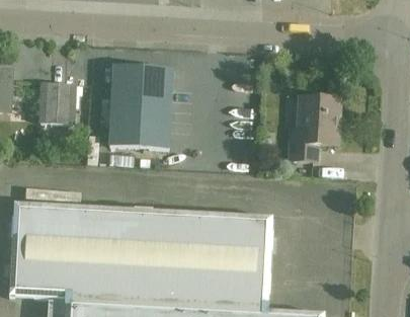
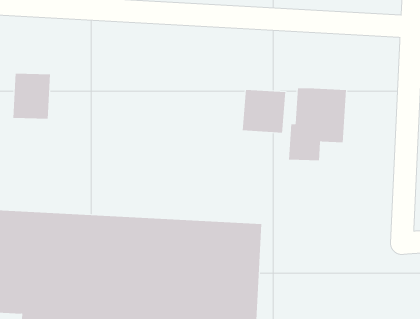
building: [109,64,173,148] -> none
building: none -> [242,89,286,133]

